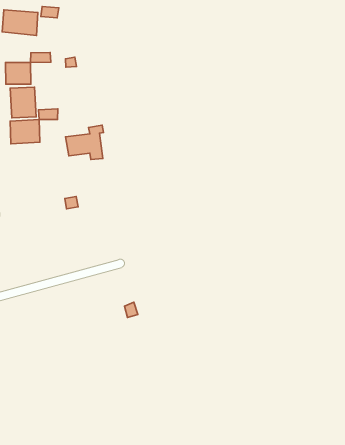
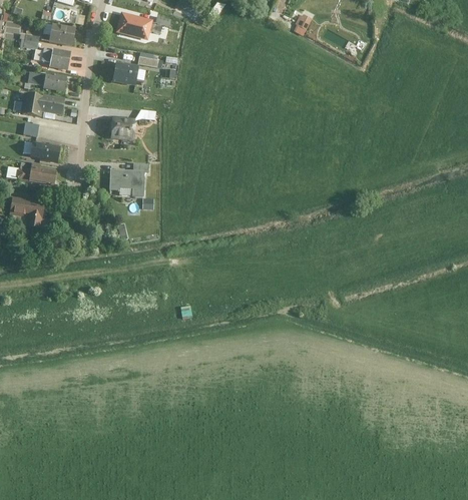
building: [10,87,36,118] -> none
building: [65,125,104,160] -> [109,165,145,196]

